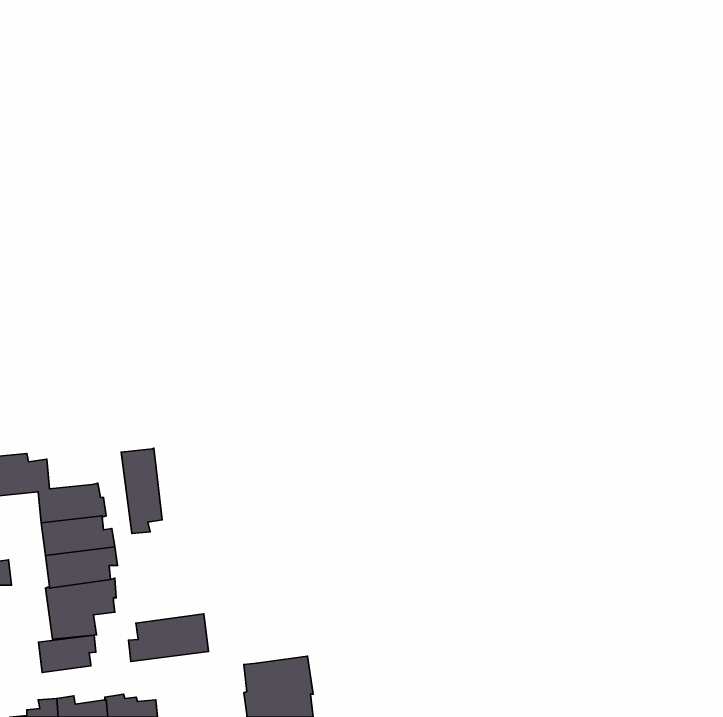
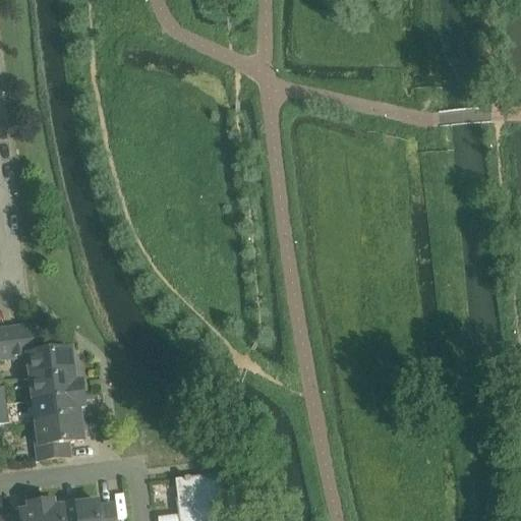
building: [121,448,162,534] -> none
building: [129,614,208,662] -> none
building: [38,635,96,673] -> none

